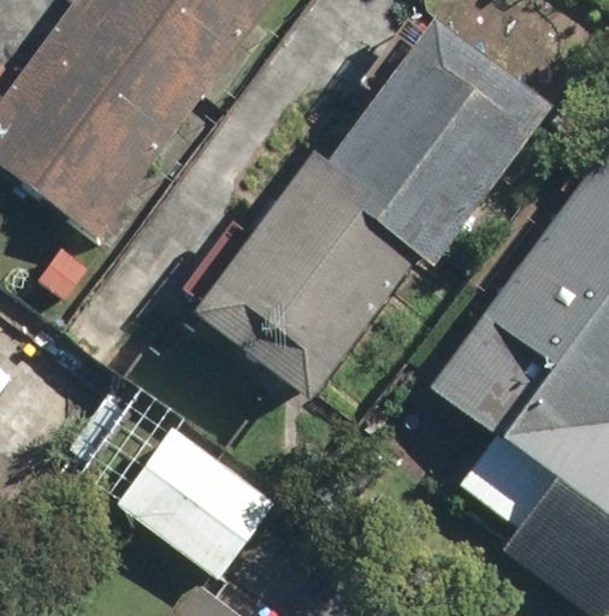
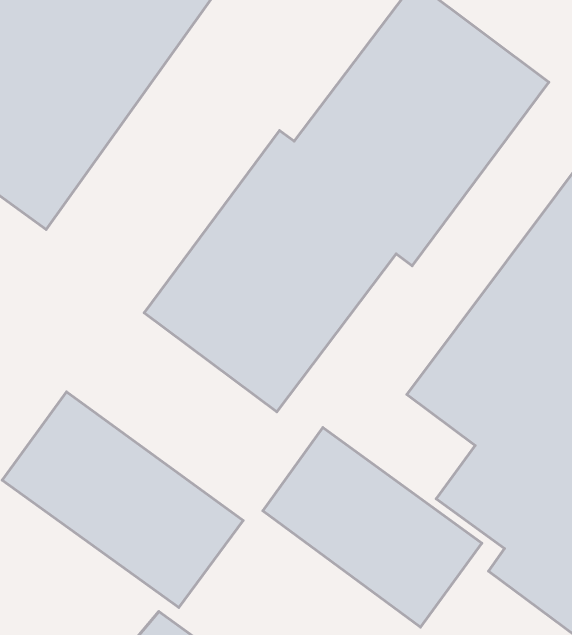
building: none -> [263,427,482,627]

